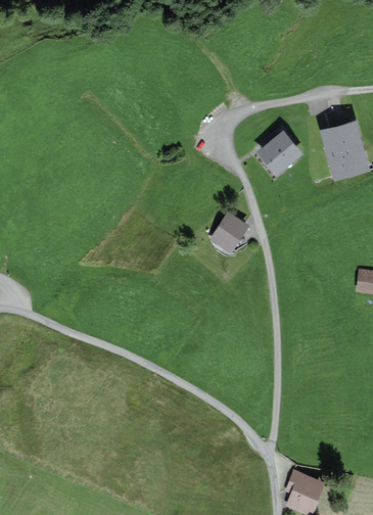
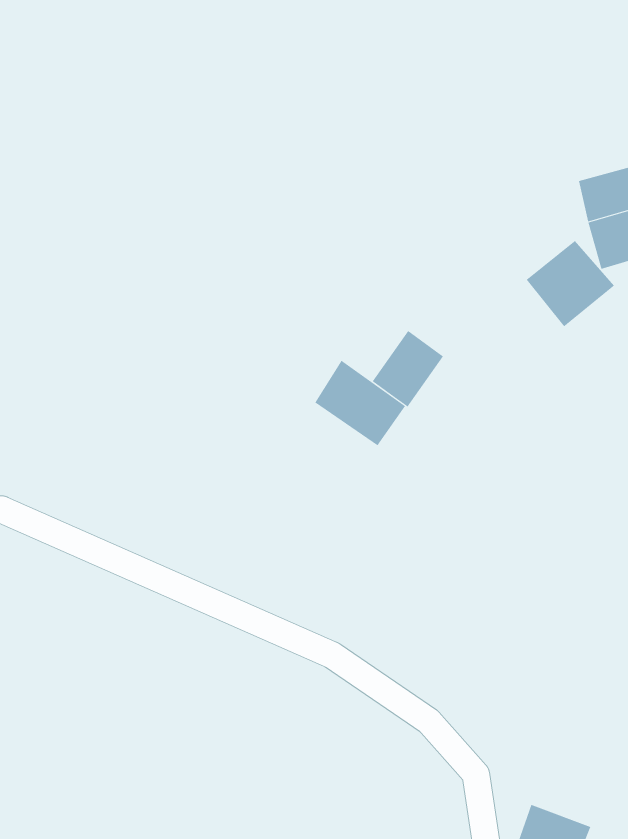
building: [258,129,306,176] -> [526,240,615,327]
building: none -> [315,360,406,446]

